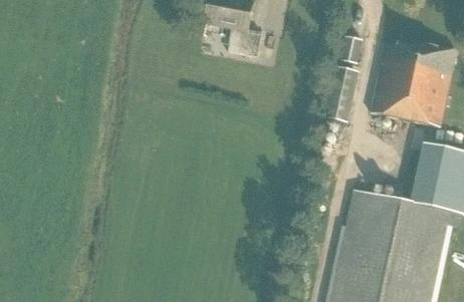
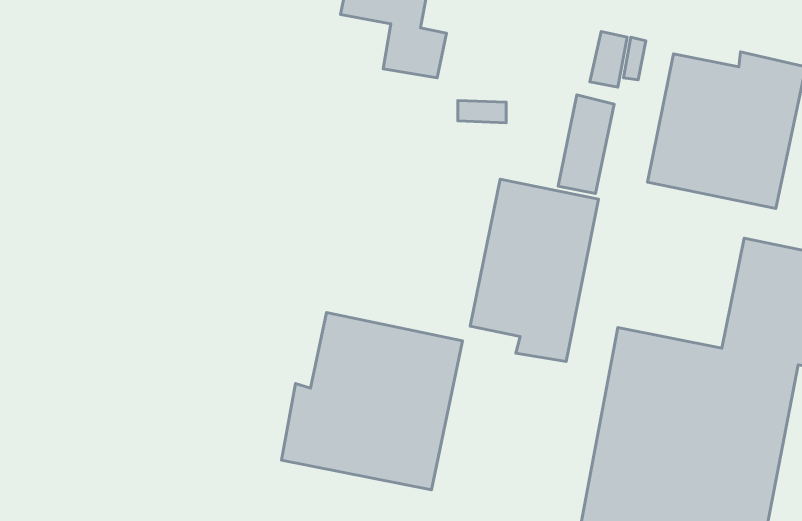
building: none -> [470,179,598,362]
building: none -> [281,313,462,490]

